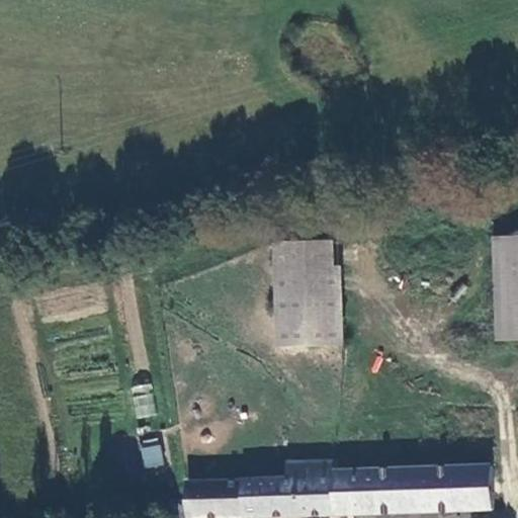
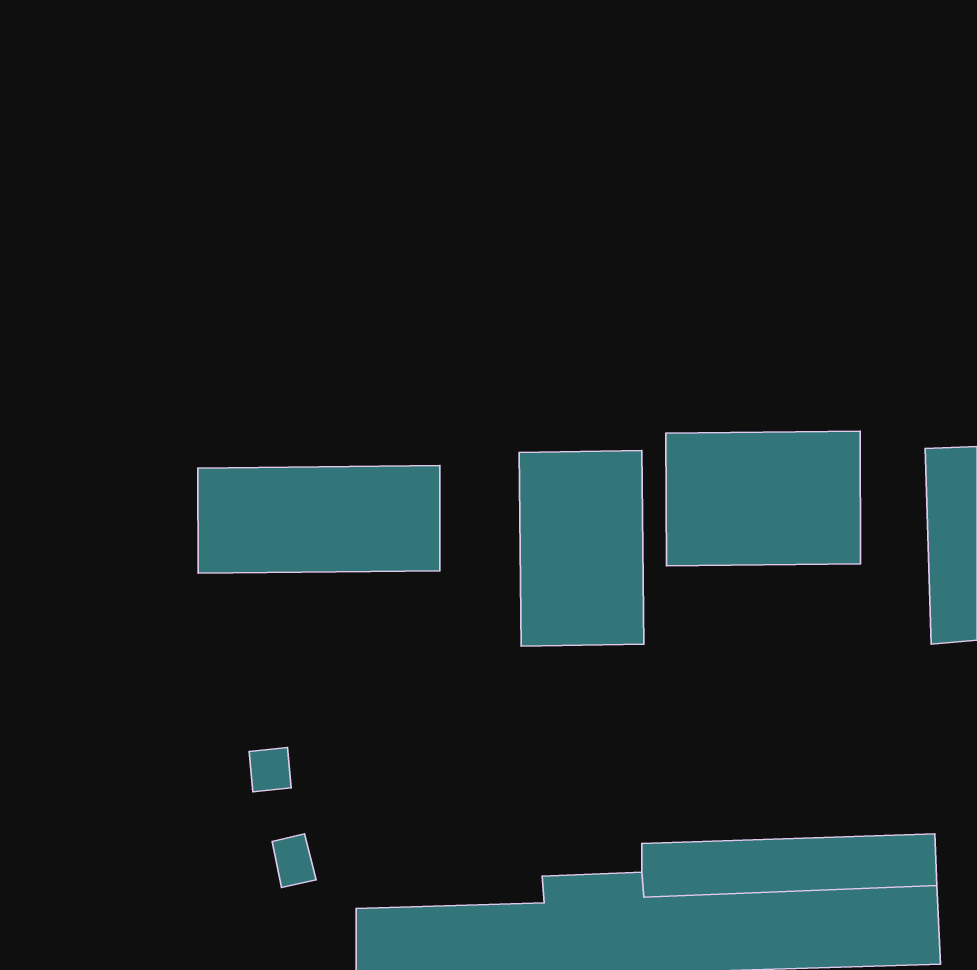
building: none -> [666,431,861,566]
building: none -> [198,466,440,573]

